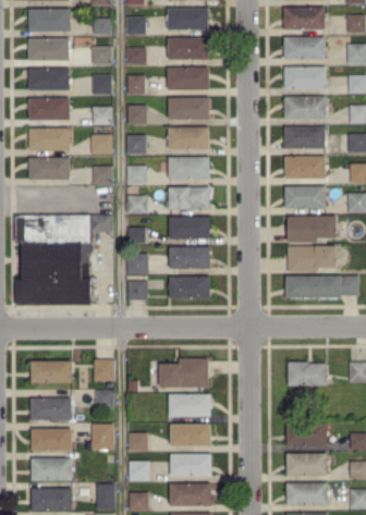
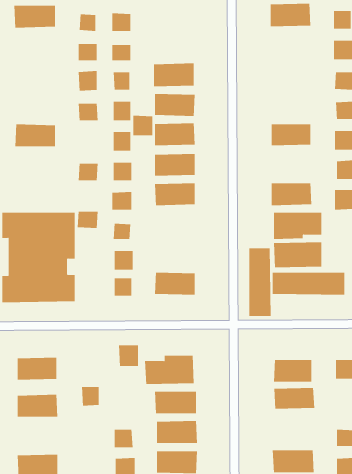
building: [168,9,208,30] -> none
building: [283,37,325,60] -> none
building: [28,38,69,61] -> none
building: [167,38,208,60] -> none
building: [283,66,326,89] -> none
building: [28,68,70,90] -> none
building: [28,97,70,120] -> none
building: [284,97,326,120] -> none
building: [90,134,111,155] -> [132,115,153,136]
building: [284,156,326,179] -> none
building: [28,158,70,180] -> none
building: [169,217,209,240] -> none
building: [169,246,209,269] -> none
building: none -> [249,248,271,317]
building: [93,359,113,381] -> [118,345,139,367]
building: [91,424,114,450] -> none
building: [285,424,327,445] -> [274,387,315,409]
building: [30,428,72,451] -> none

